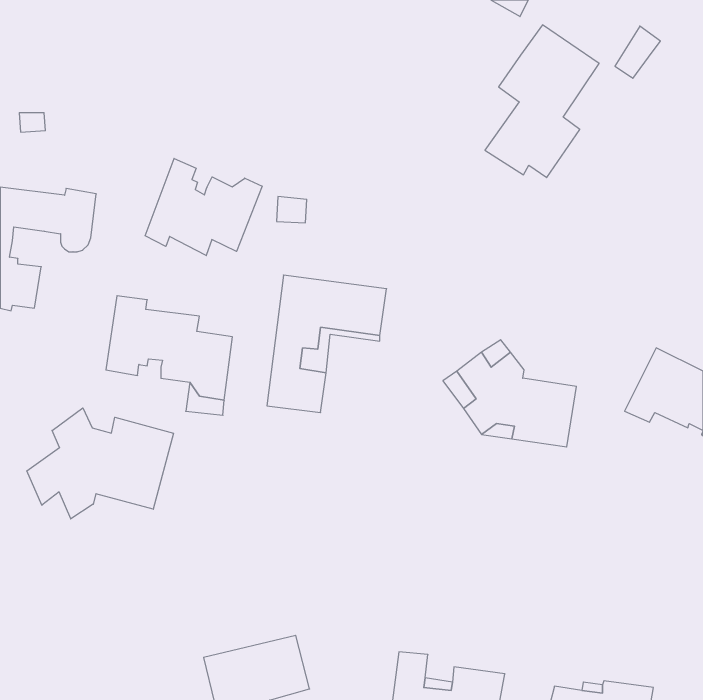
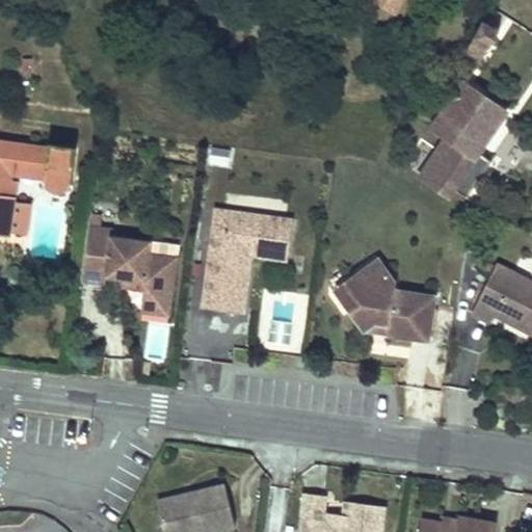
building: [485,25,599,178] -> [419,83,505,198]
building: [145,158,262,256] -> none
building: [27,408,174,519] -> none

